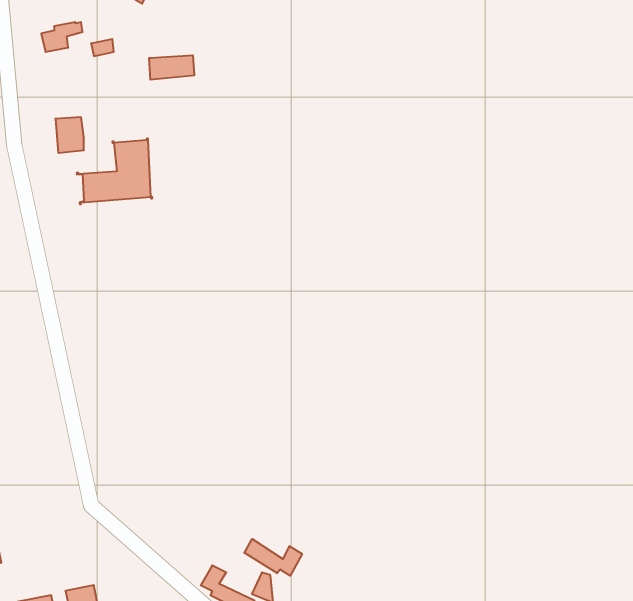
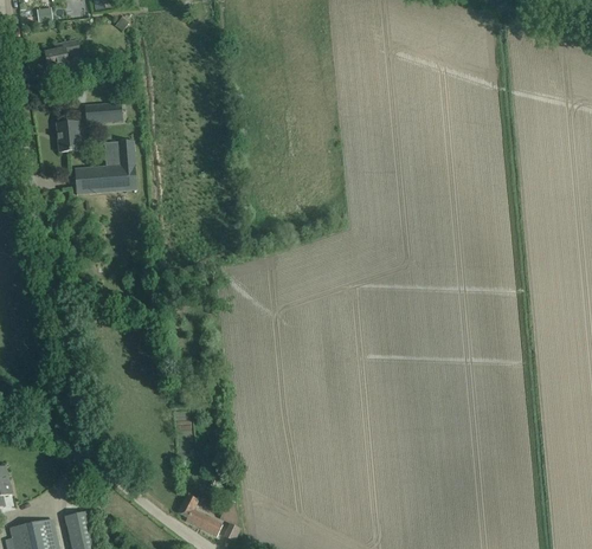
building: [149,55,194,80] -> [84,103,122,123]
building: [244,539,302,576] -> none

